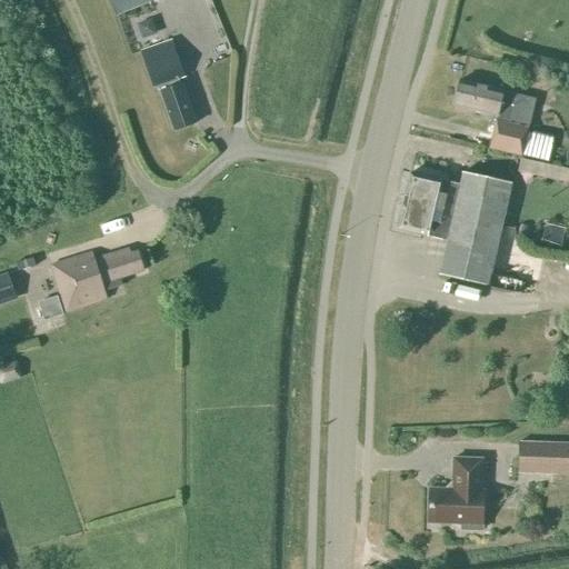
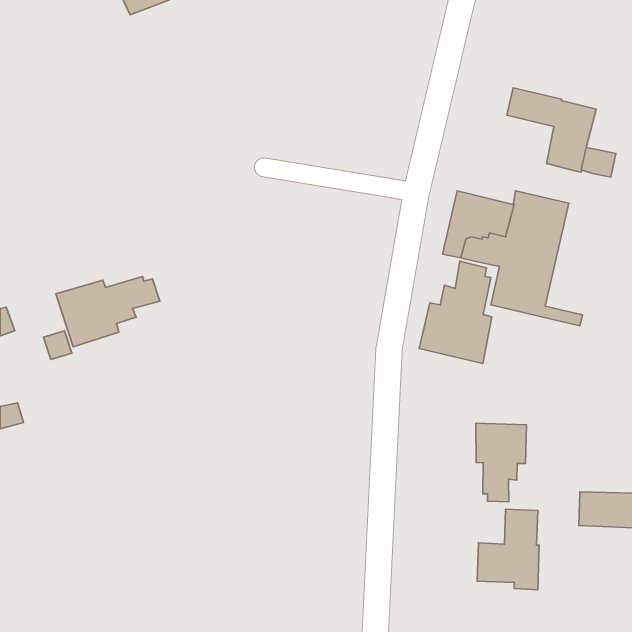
building: [142,40,197,129] -> none
building: none -> [419,261,492,364]
building: none -> [476,423,527,502]

